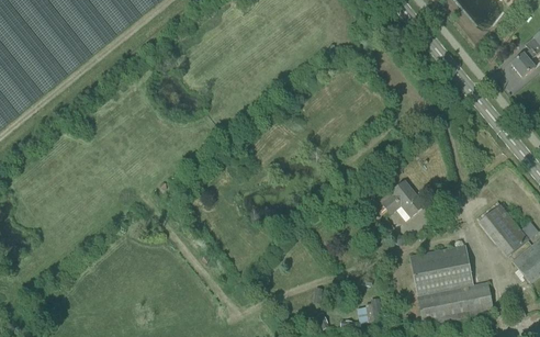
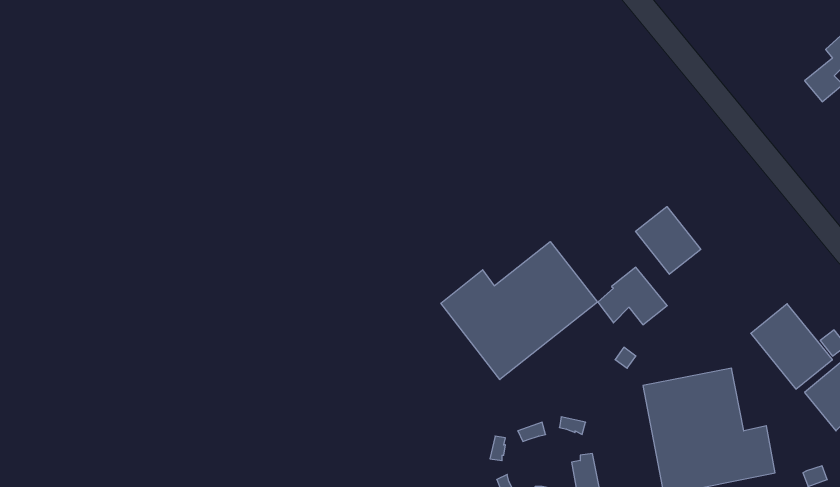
building: none -> [636,207,701,274]
building: none -> [441,242,598,380]

